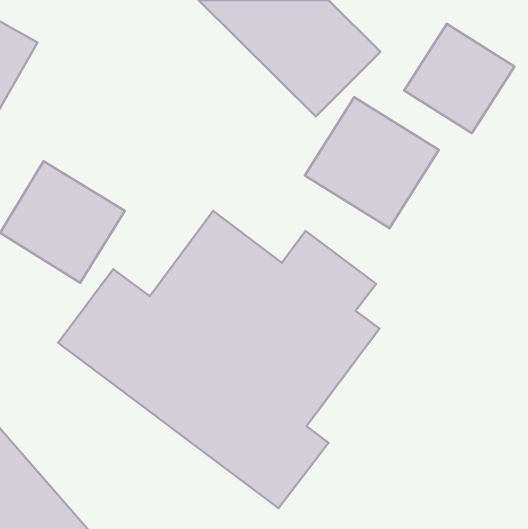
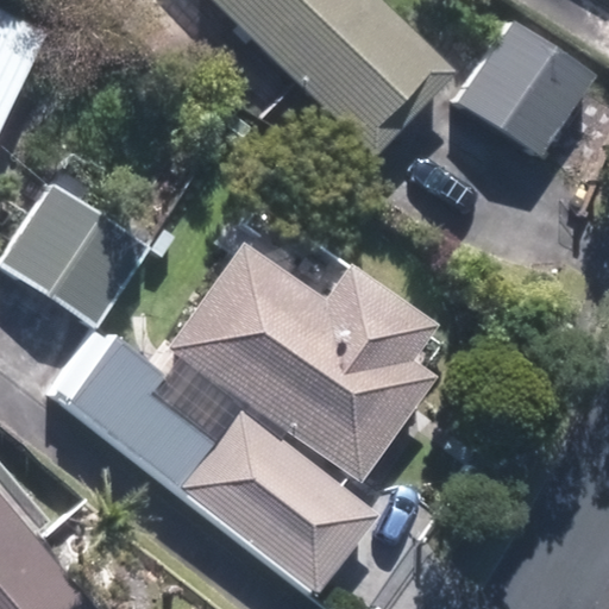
building: [305,97,439,228] -> none

